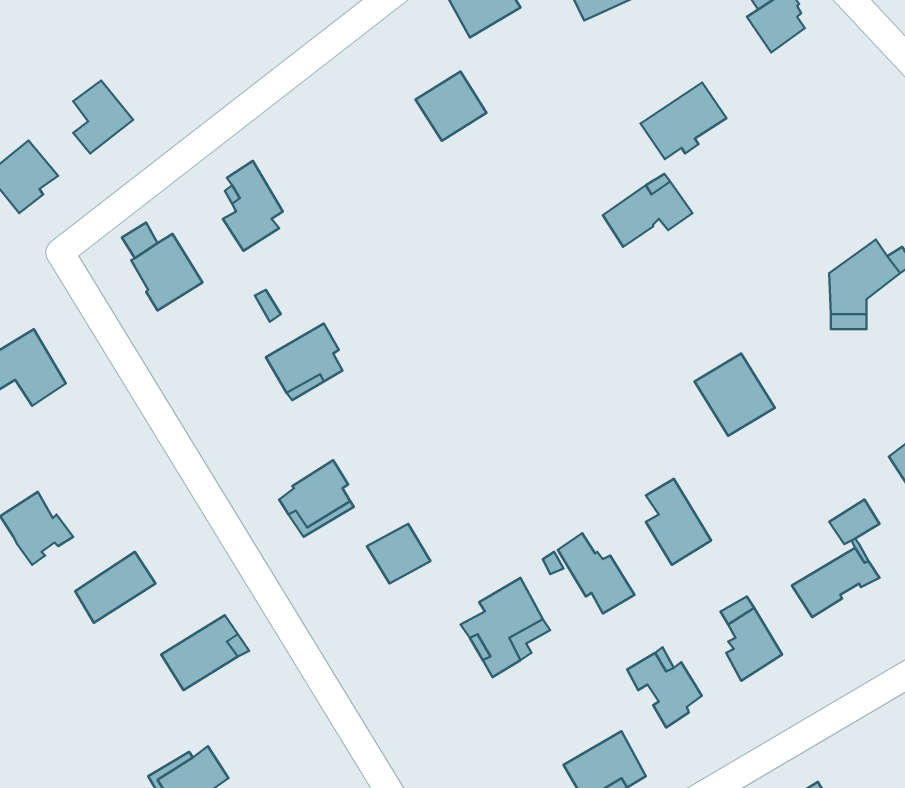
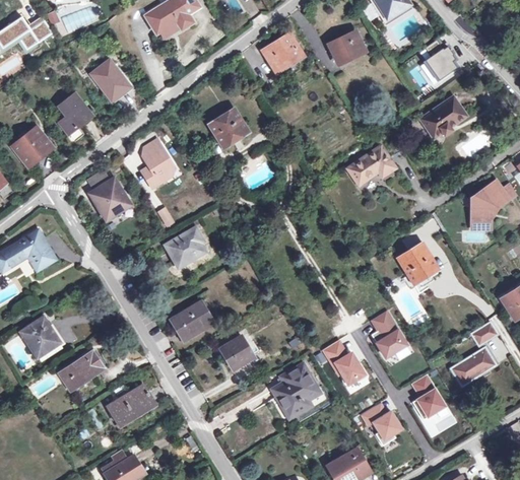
building: none -> [91,60,130,100]
building: [416,72,487,141] -> [209,109,248,146]
building: [640,82,726,159] -> [420,96,467,138]

